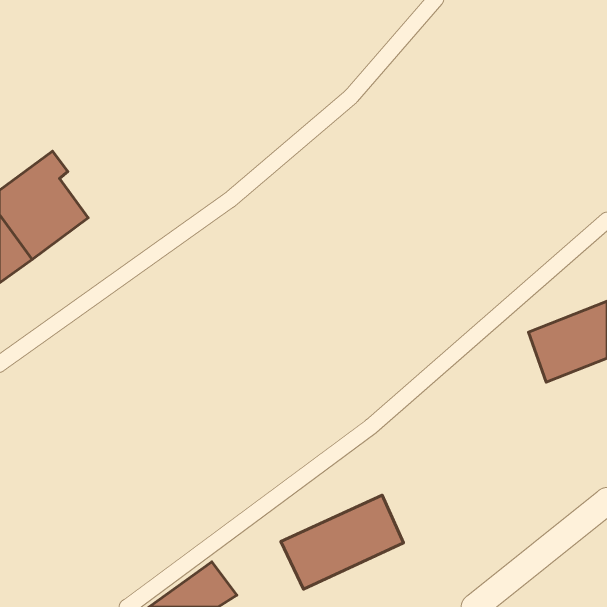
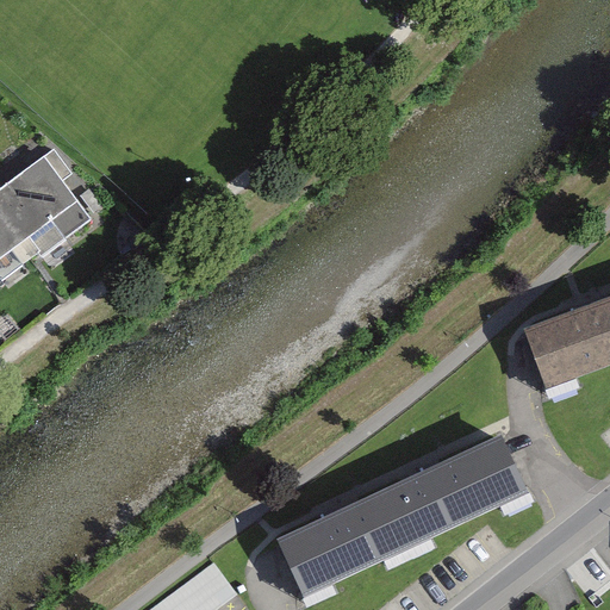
building: none -> [382,442,521,543]

